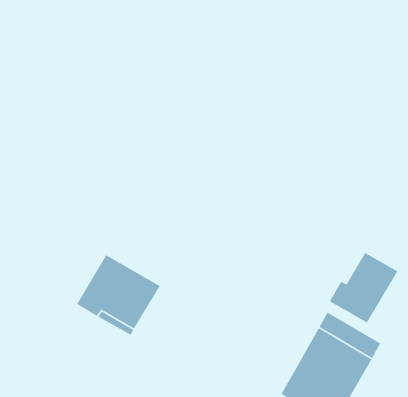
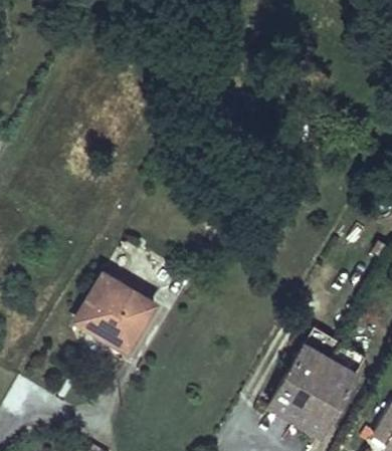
building: [329,252,399,324] -> none

